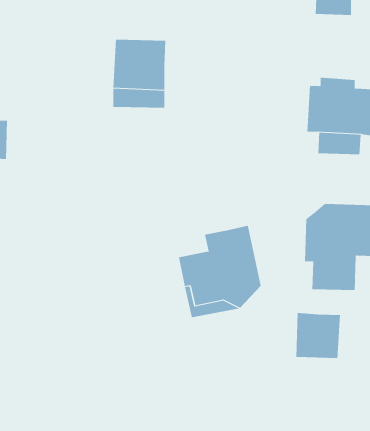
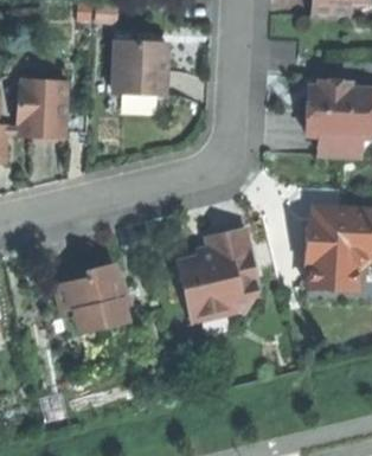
building: none -> [14,78,66,140]
building: none -> [53,262,126,328]
building: [296,312,340,359] -> none

